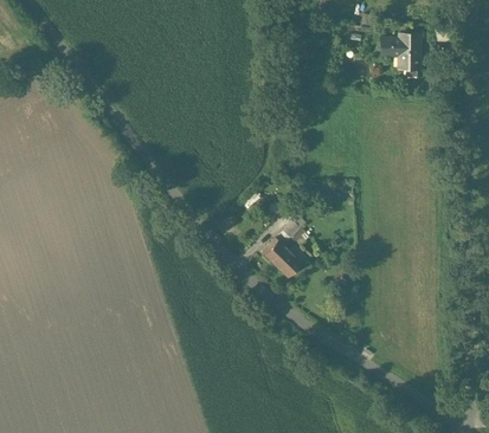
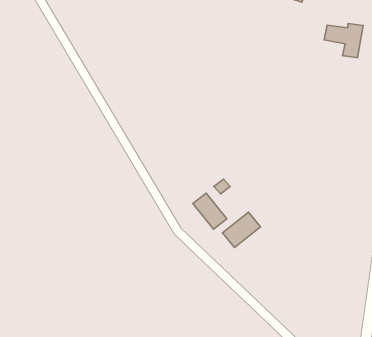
building: none -> [222,212,261,248]

